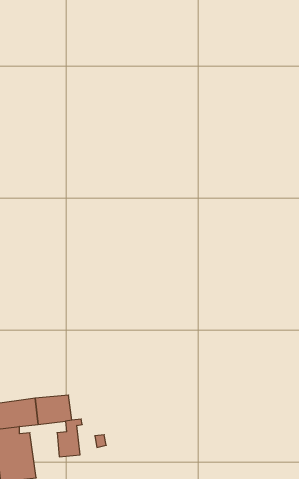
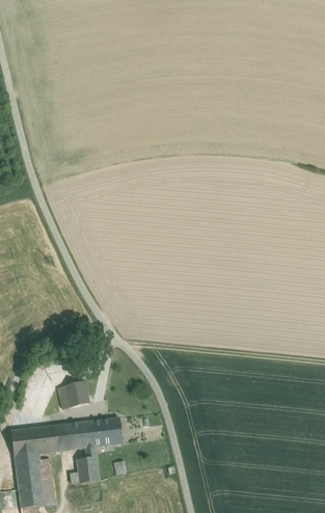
building: none -> [57,380,88,409]
building: none -> [87,417,121,447]

